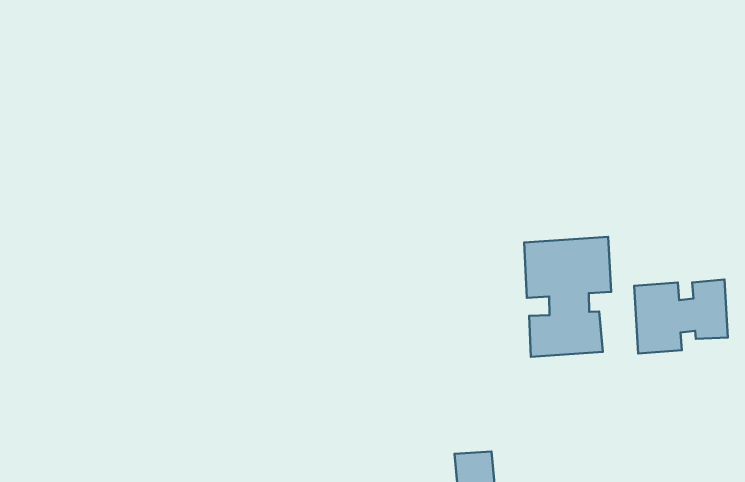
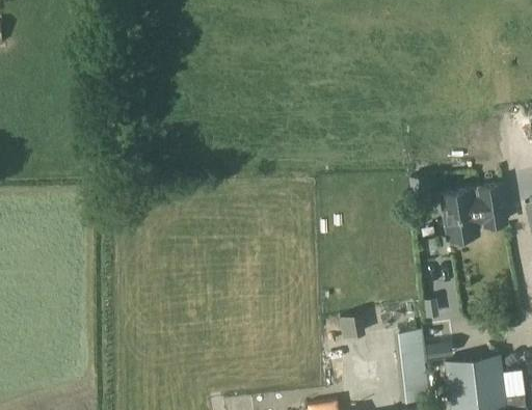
building: [524,237,611,357] -> none

